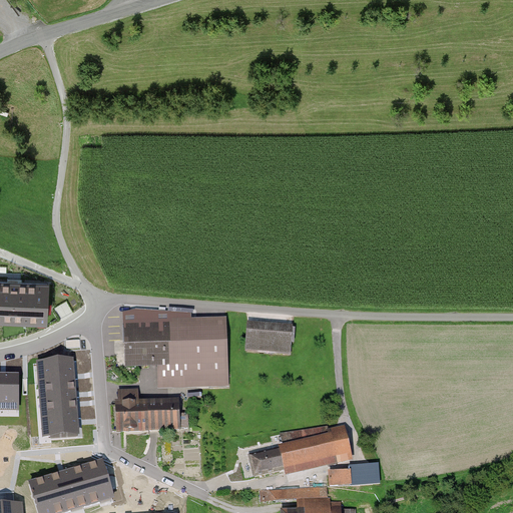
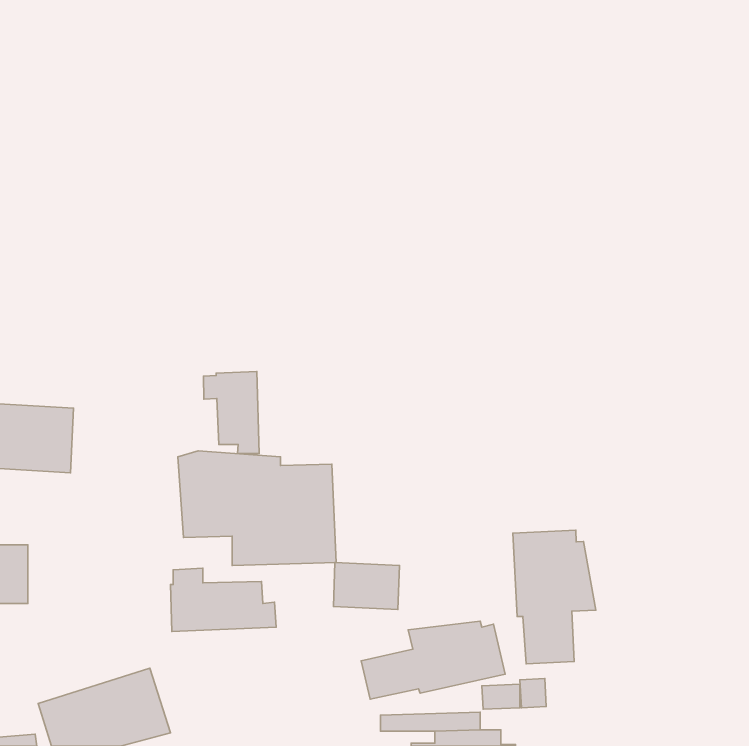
building: none -> [203,372,259,454]
building: [245,320,291,352] -> [333,562,399,609]
building: [35,357,81,439] -> none
building: none -> [513,530,596,664]

